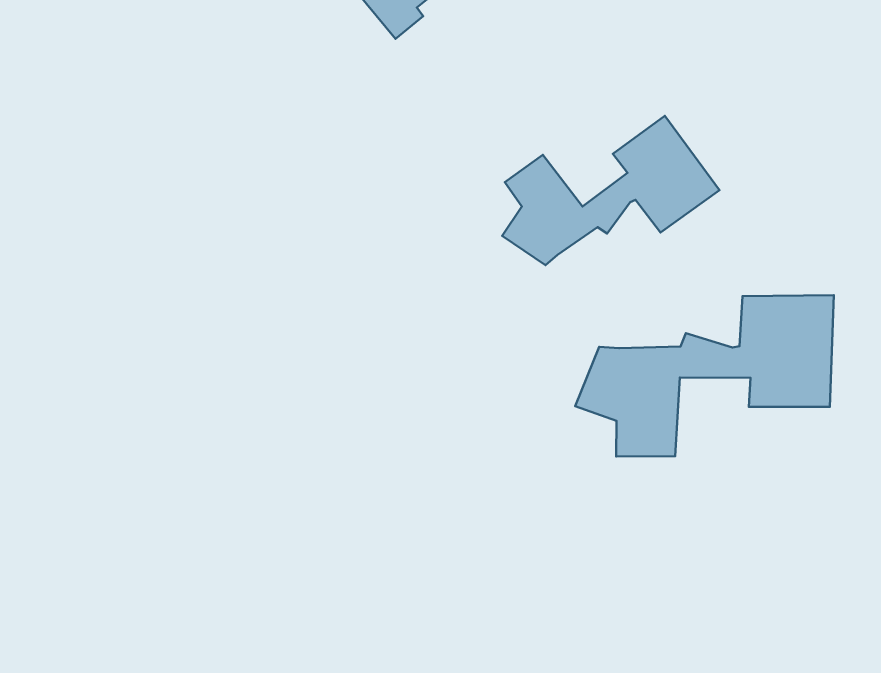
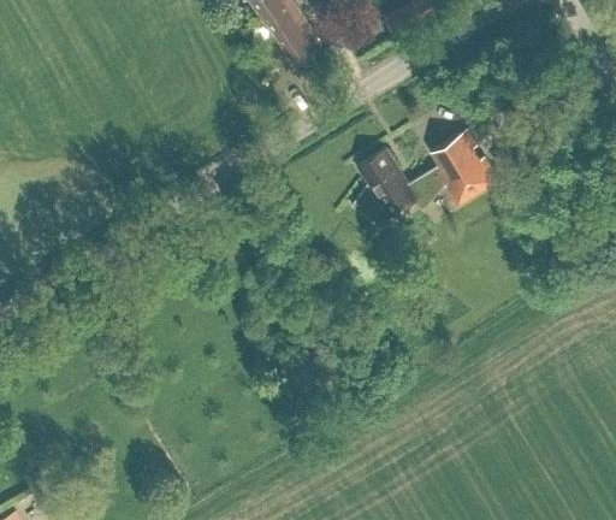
building: [575,295,834,457] -> none

